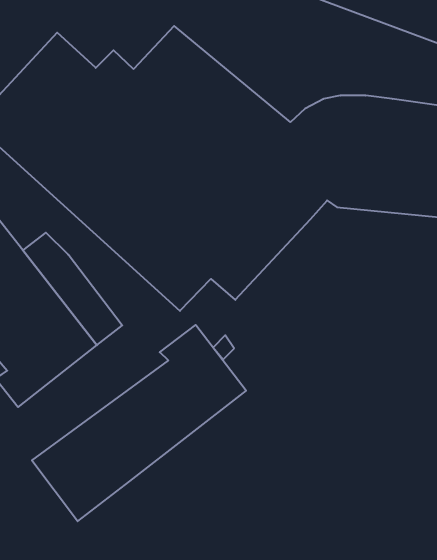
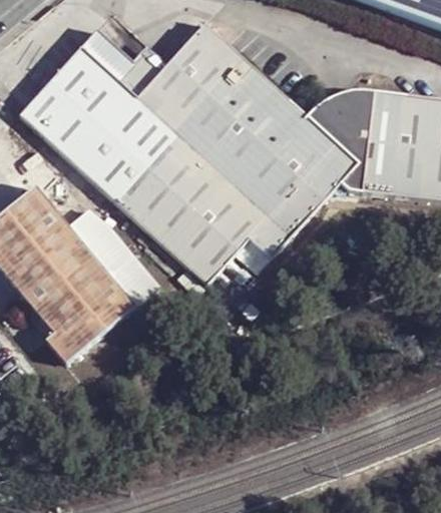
building: [32,325,246,521] -> none

